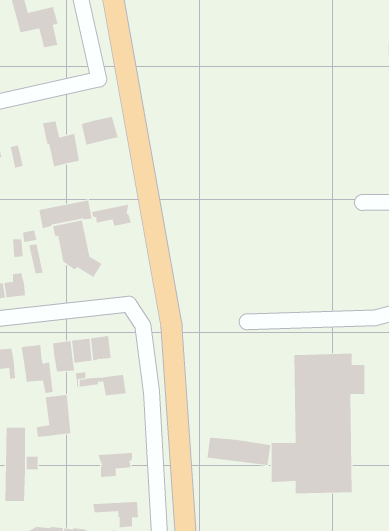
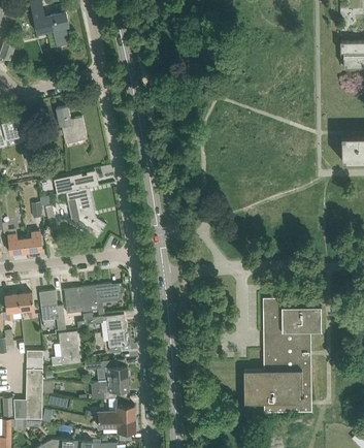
building: [81,116,119,146] -> none
building: [91,204,132,226] -> none
building: none -> [101,330,127,353]
building: none -> [93,360,130,381]
building: [207,437,271,466] -> none
building: none -> [97,398,134,421]

